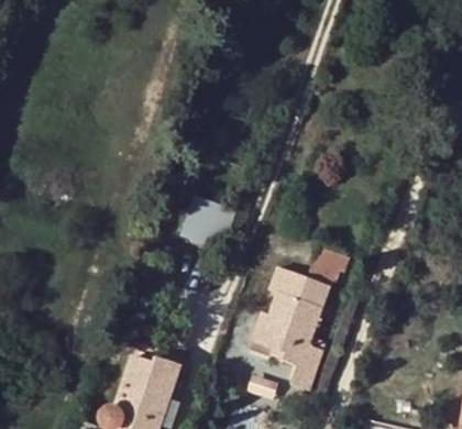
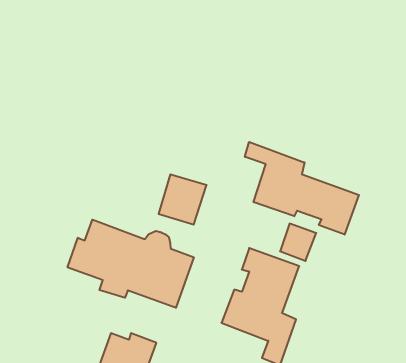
building: none -> [245,142,359,235]
building: none -> [68,220,194,308]

